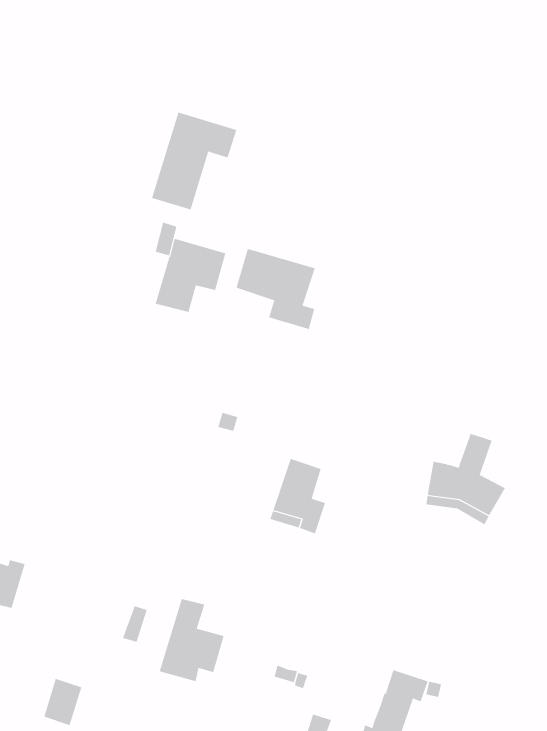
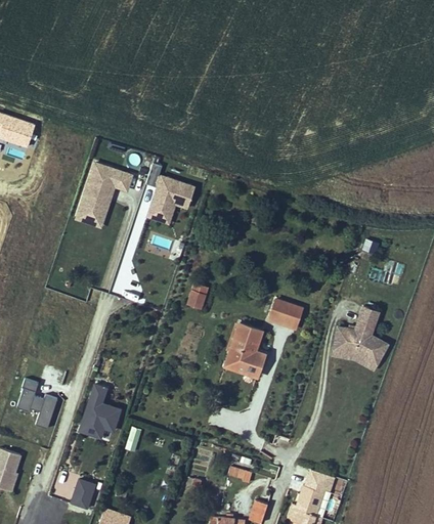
building: [151,112,237,210] -> [75,160,134,227]
building: [236,248,315,330] -> none
building: none -> [269,300,302,328]
building: [159,599,224,682] -> [77,381,122,438]

